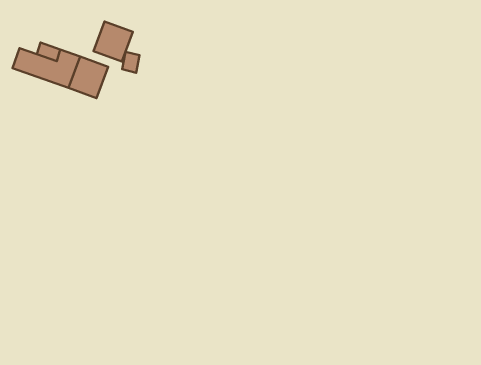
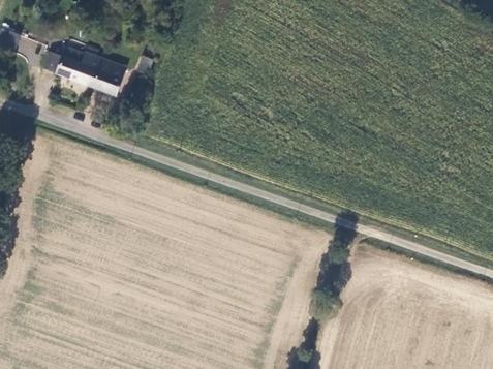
building: [93,22,133,61] -> none

